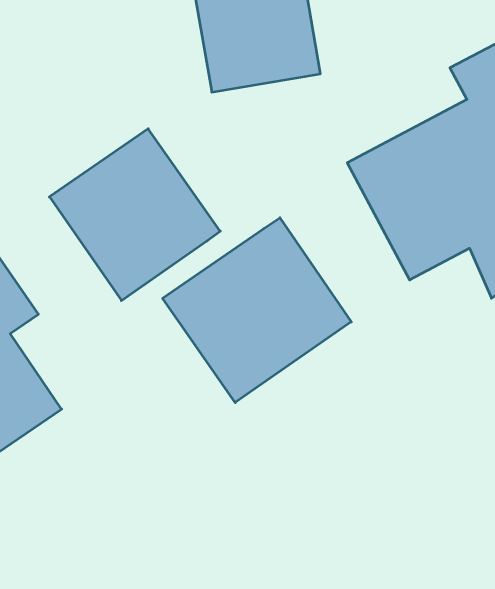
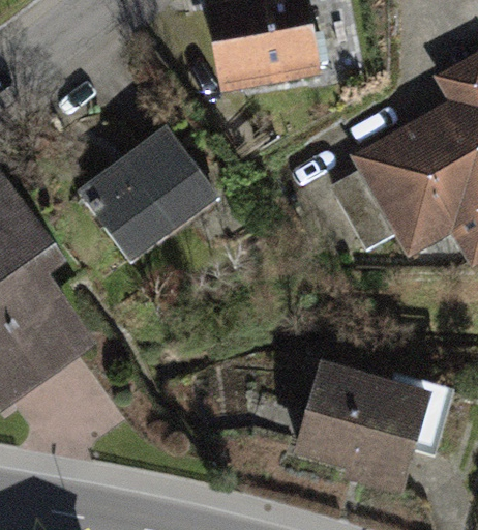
building: [163,218,351,403] -> none
building: none -> [309,373,444,496]

